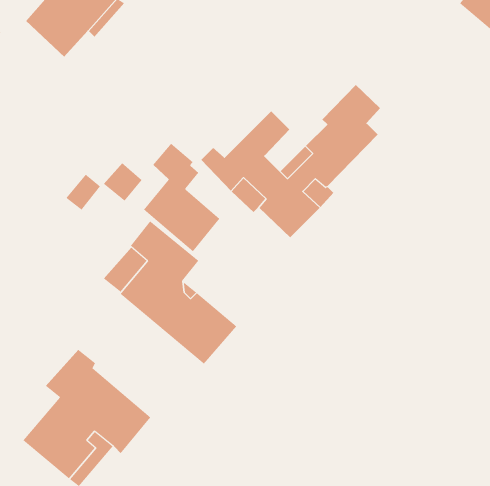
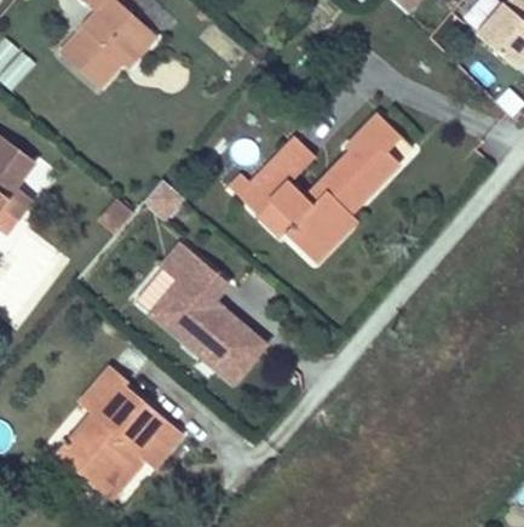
building: [143,143,220,252] -> none

